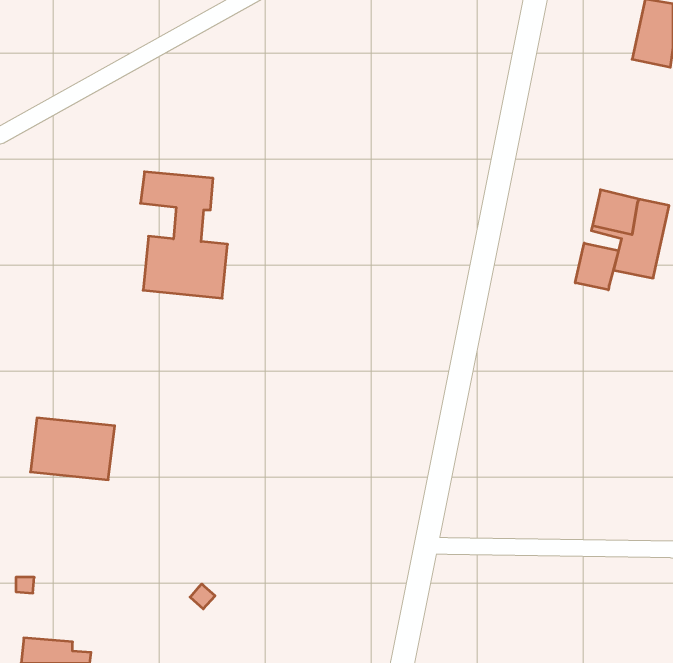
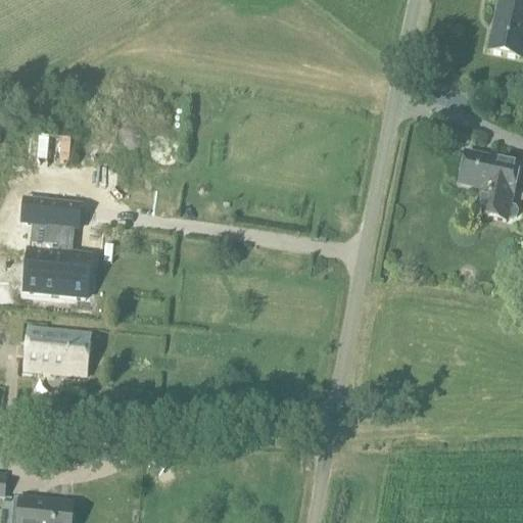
building: [140,172,228,298] -> [29,203,96,301]
building: [575,243,619,290] -> none

